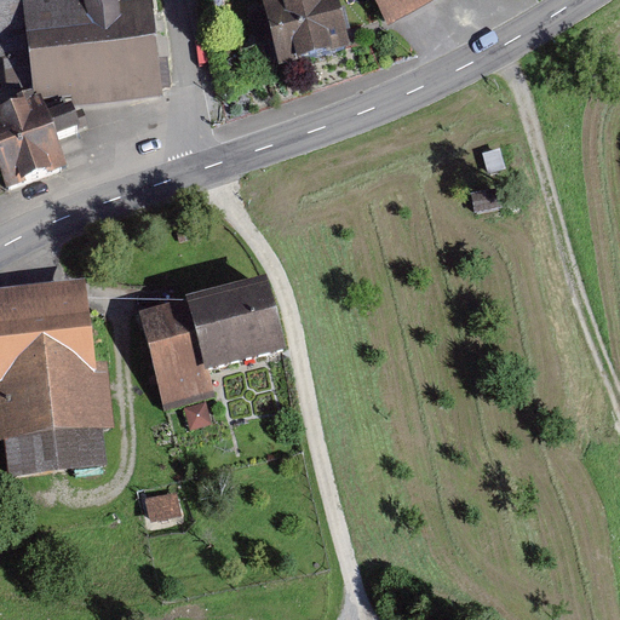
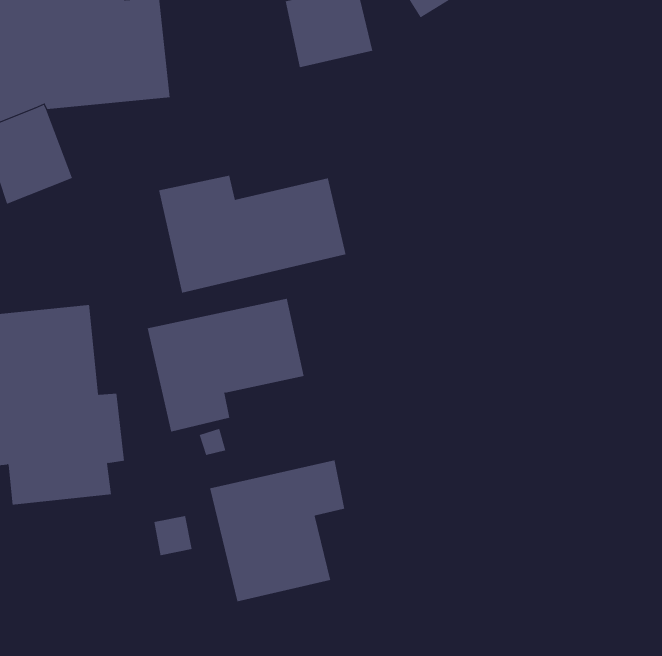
building: none -> [159,175,346,293]
building: none -> [209,460,345,602]

